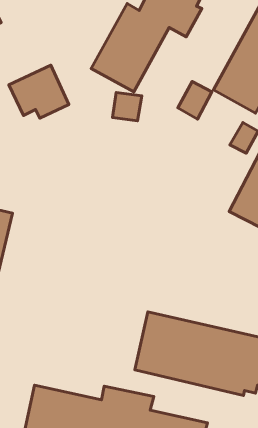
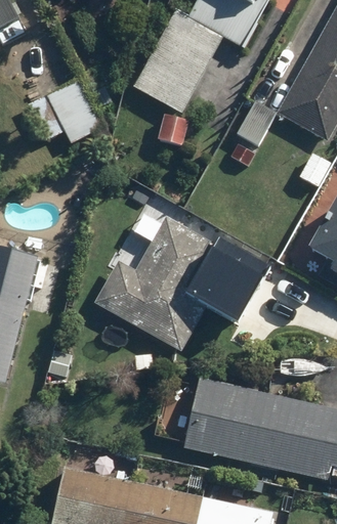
building: none -> [94,212,261,351]

